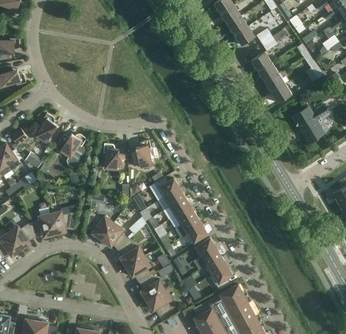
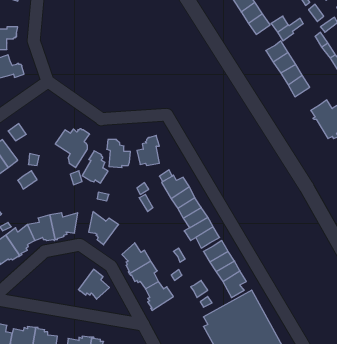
building: [35,113,59,143] -> [82,151,108,183]
building: [99,222,128,250] -> [78,269,109,299]
building: [144,289,171,316] -> none

